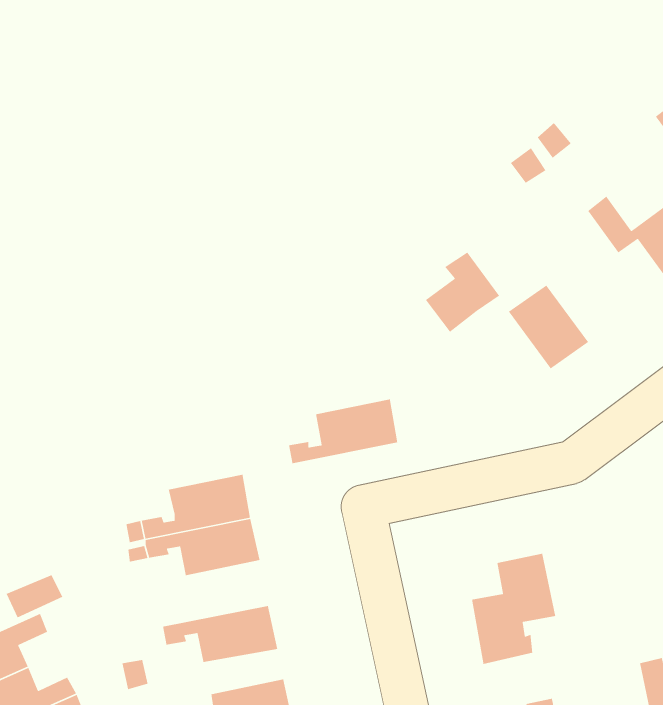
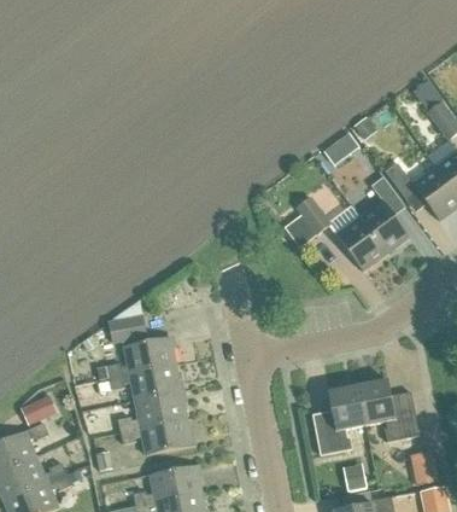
building: none -> [361,176,410,254]
building: [288,399,398,464] -> [118,390,187,431]
building: none -> [107,313,147,343]
building: none -> [358,380,420,442]

